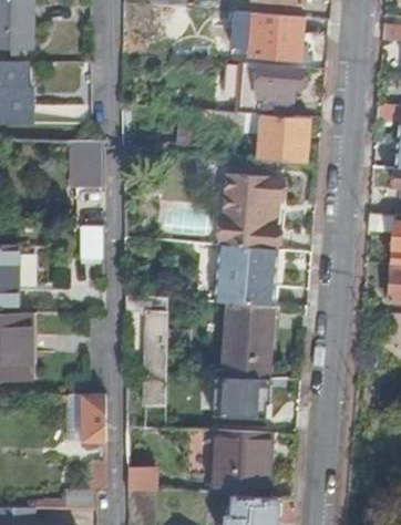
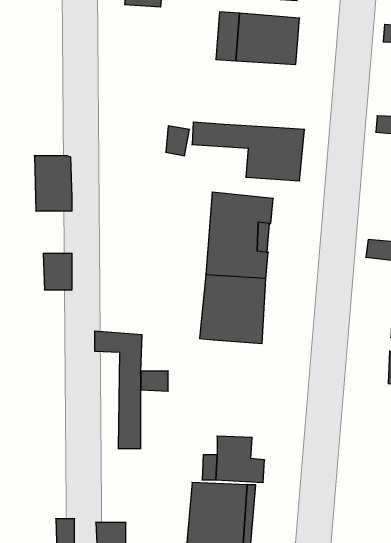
building: [239,62,301,115] -> none
building: [224,302,273,377] -> none
building: [81,394,106,441] -> none

